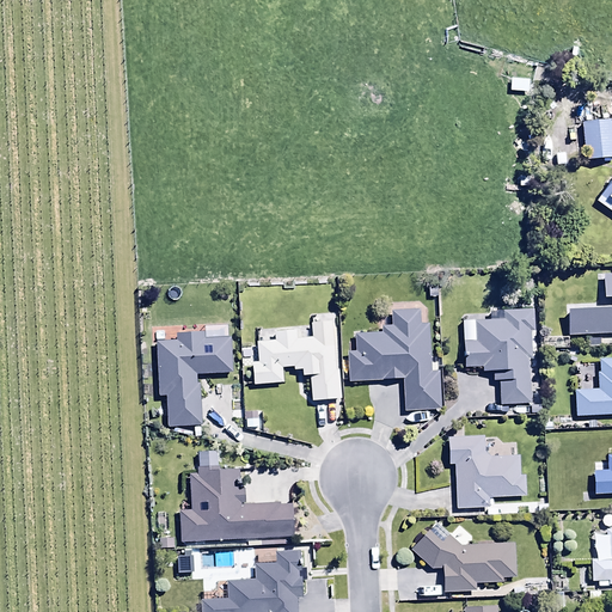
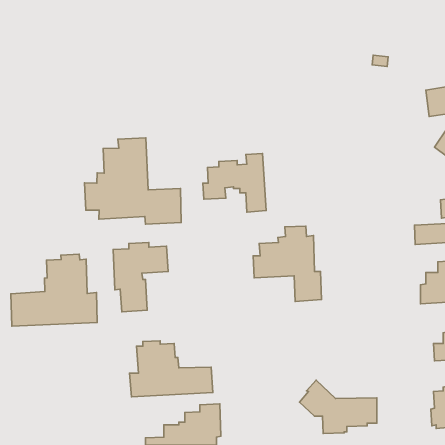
building: none -> [85,138,181,224]
building: [465,307,536,403] -> none
building: [253,320,339,400] -> [203,154,266,212]
building: none -> [11,254,97,326]
building: [448,434,528,507] -> none

